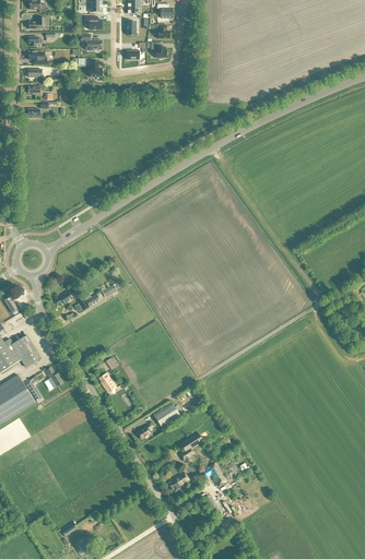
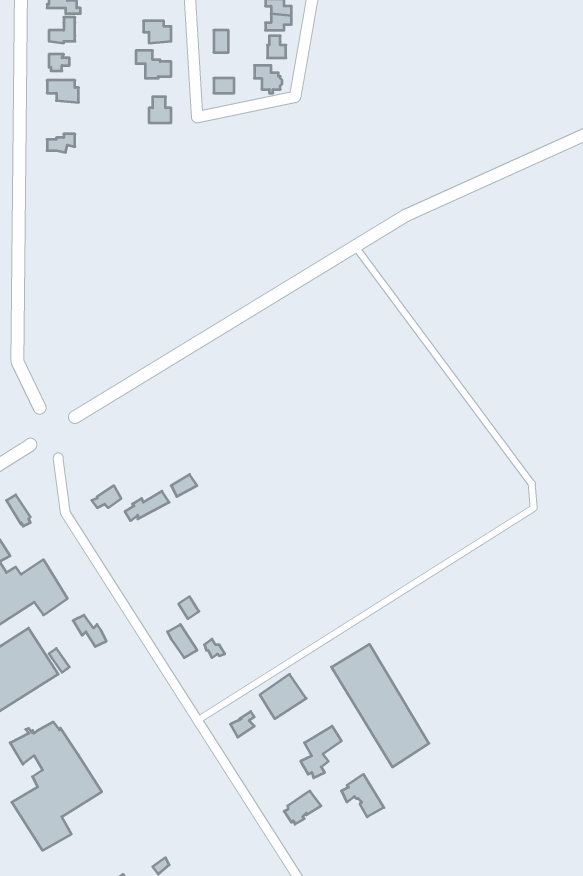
building: none -> [331,644,429,767]
building: none -> [10,722,102,850]

